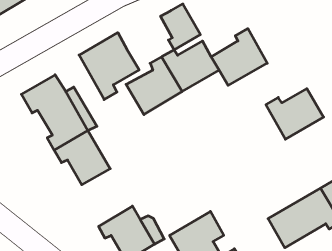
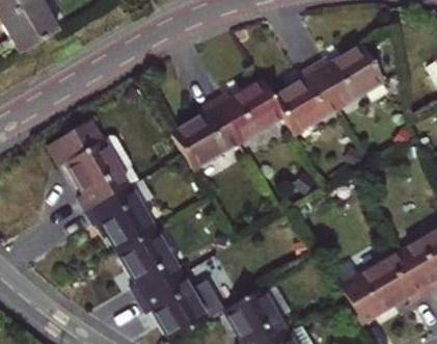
building: [161,4,200,50] -> none
building: [79,33,139,100] -> none
building: [266,89,324,139] -> [315,48,382,107]
building: none -> [120,231,180,298]

